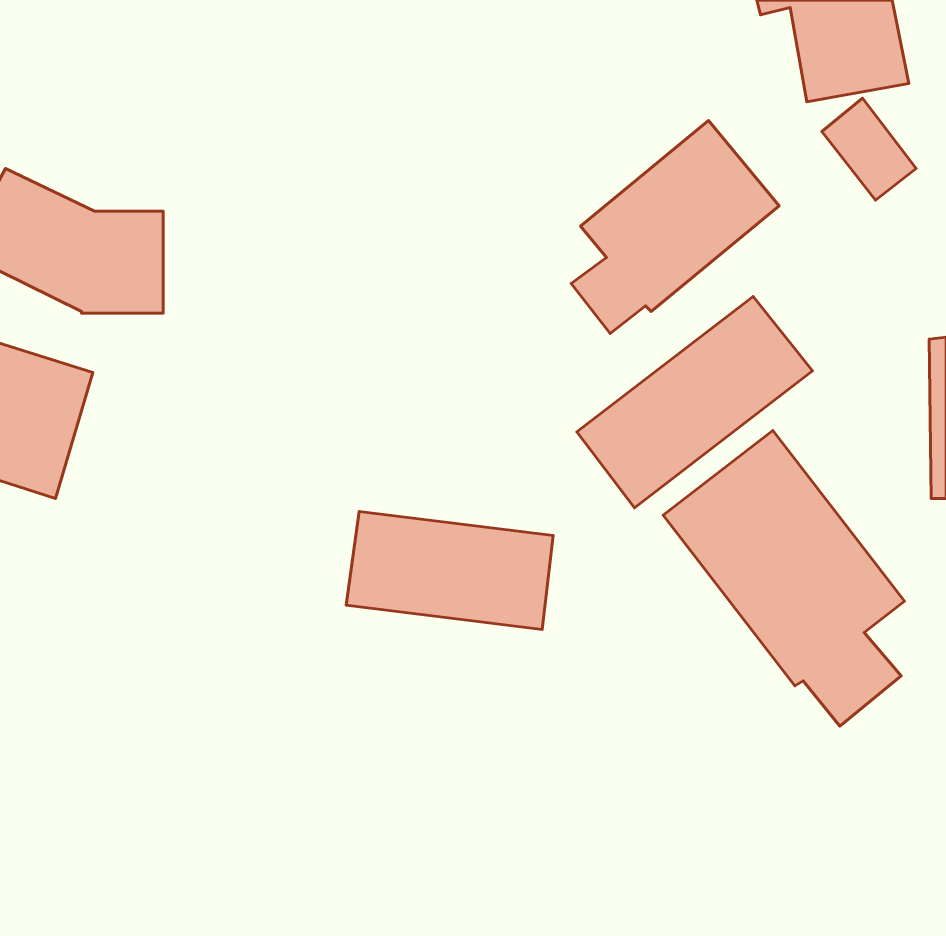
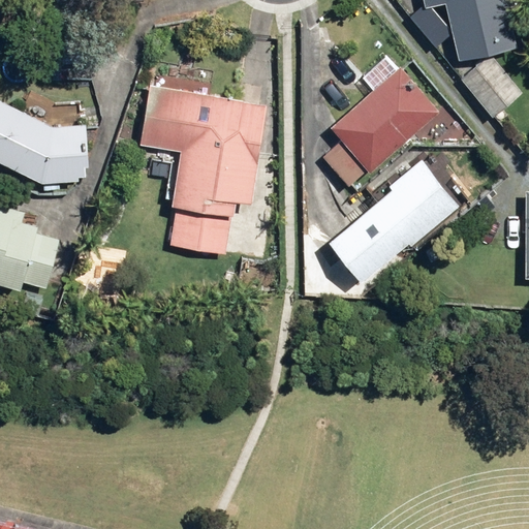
building: none -> [148,88,269,253]
building: [663,431,905,726] -> none
building: [346,512,553,630] -> none

